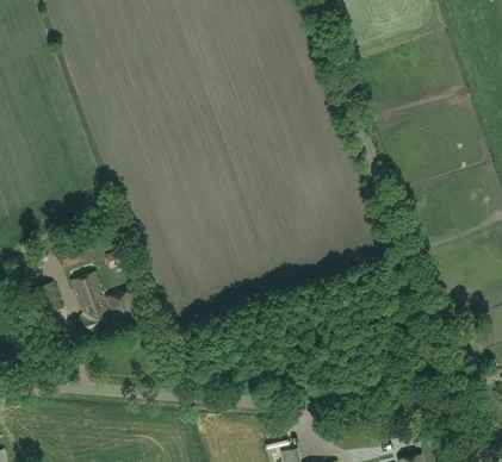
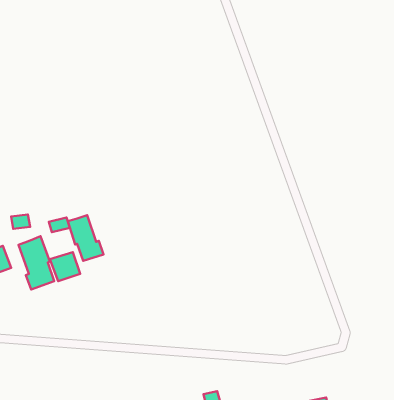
building: none -> [68,215,103,261]

